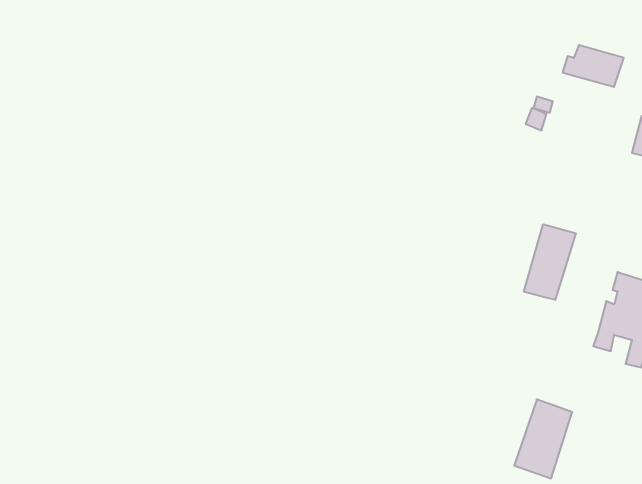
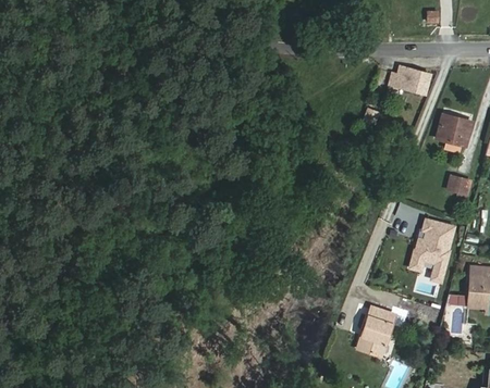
building: [524,224,576,300] -> none

